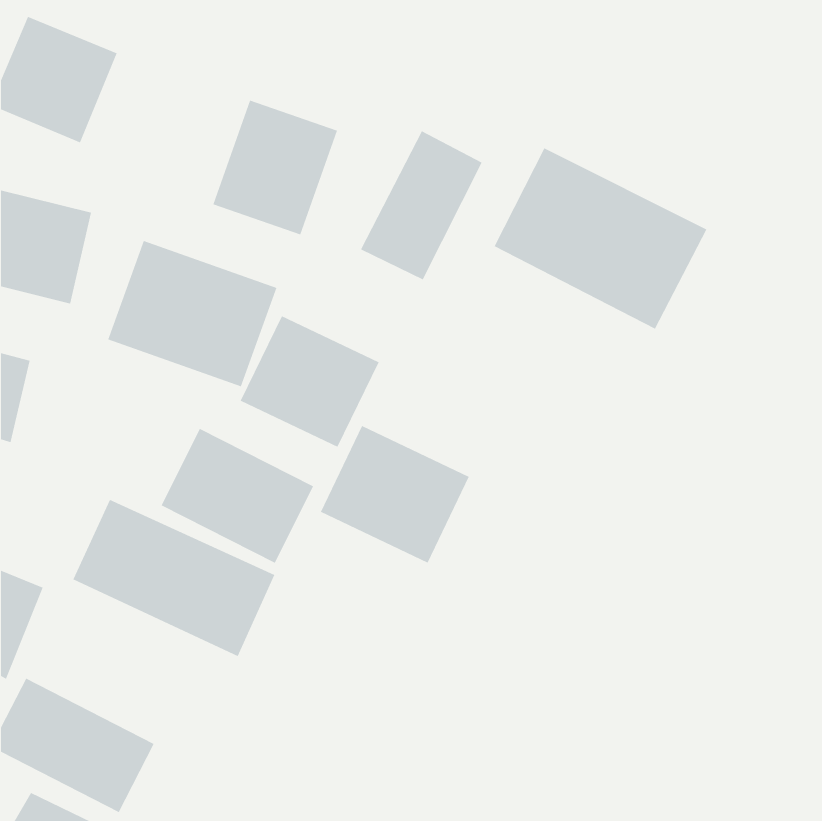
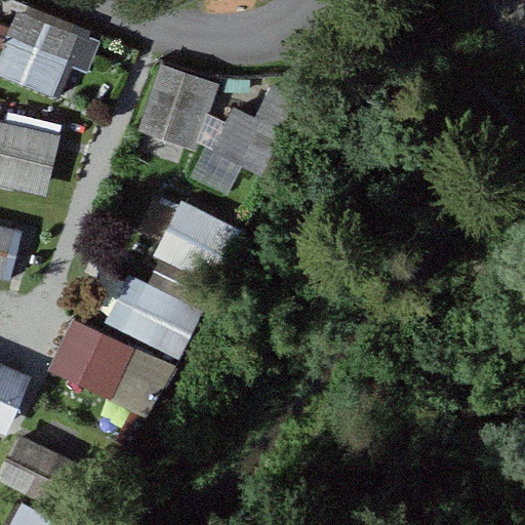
building: [494,148,707,329] -> none
building: [107,240,277,387] -> none
building: [320,425,470,563] -> none

